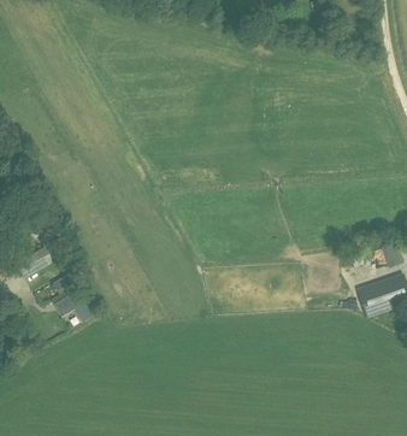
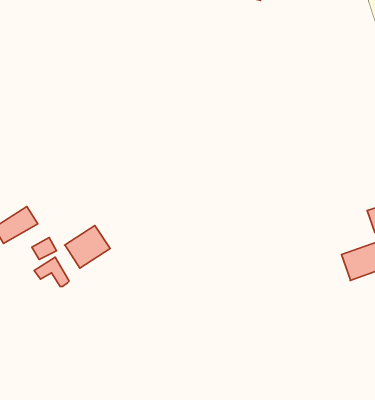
building: none -> [64,225,110,268]

